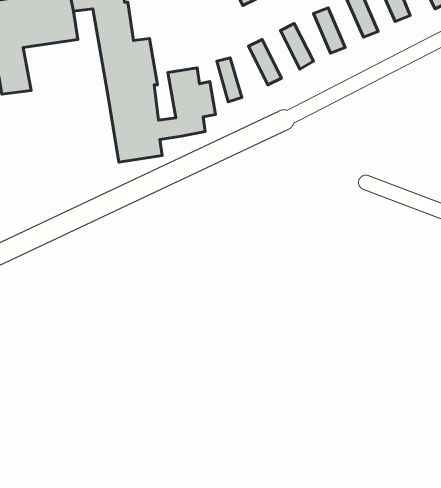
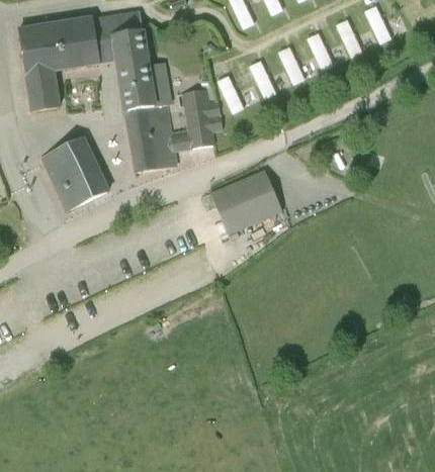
building: none -> [37,136,106,211]
building: none -> [208,169,280,233]

